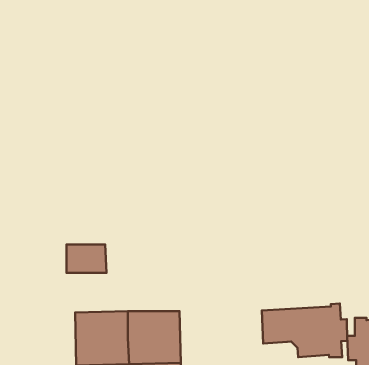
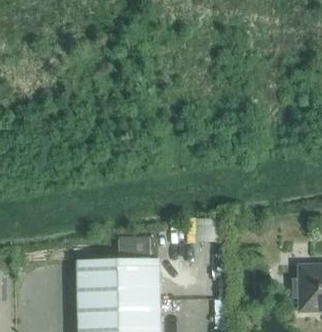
building: [66,245,106,273] -> [119,237,151,260]
building: [262,304,347,357] -> none

